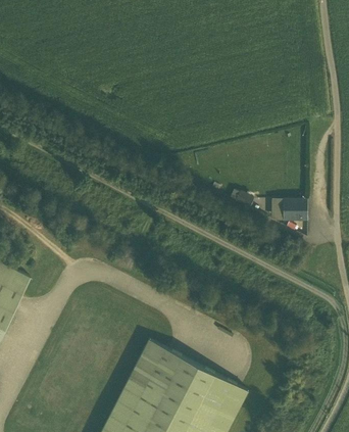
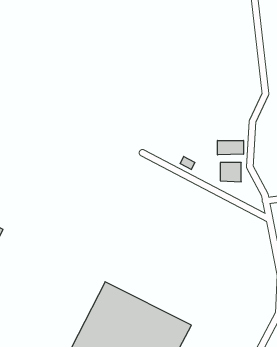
building: none -> [218,140,243,155]

